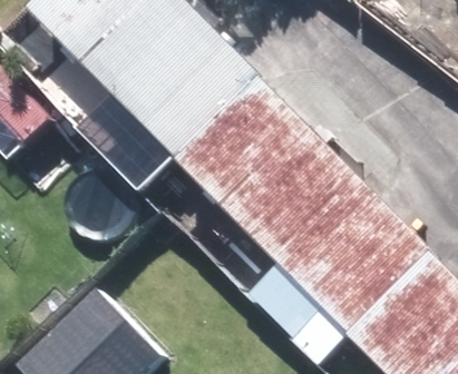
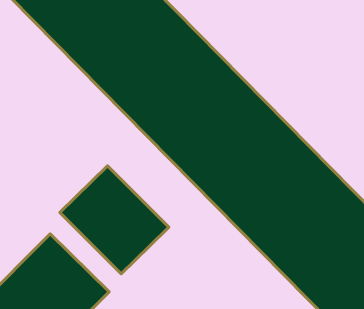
building: none -> [60,166,169,274]

